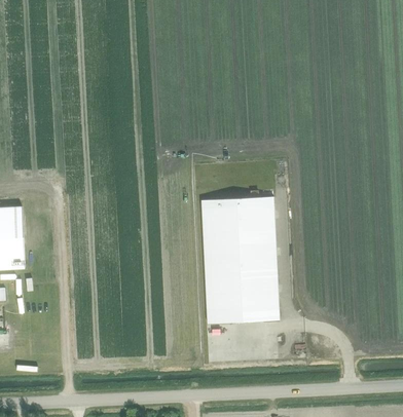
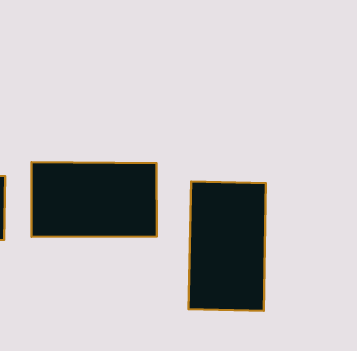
building: none -> [31,162,157,237]

